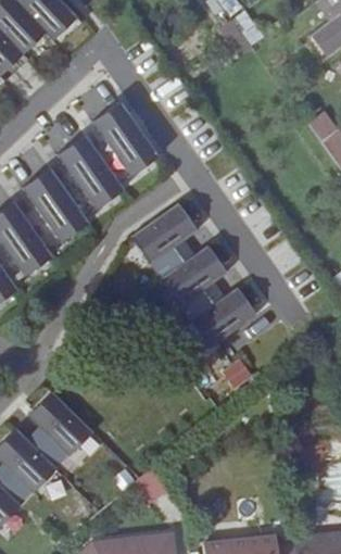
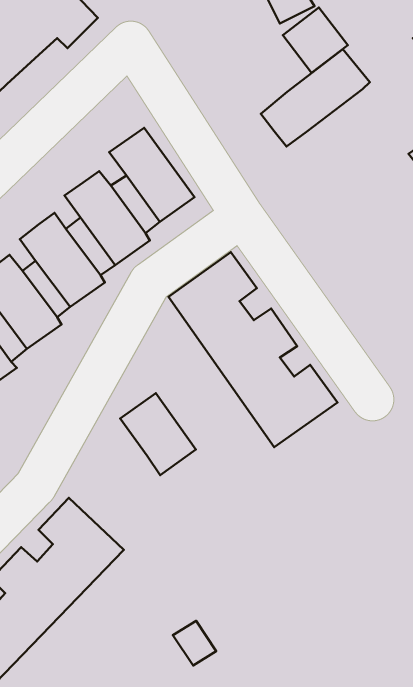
building: none -> [261,49,370,146]
building: none -> [120,393,196,475]

